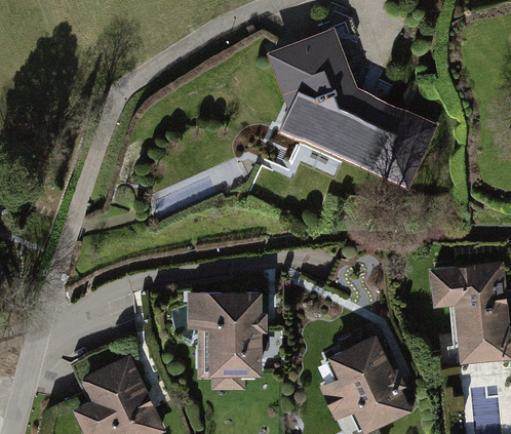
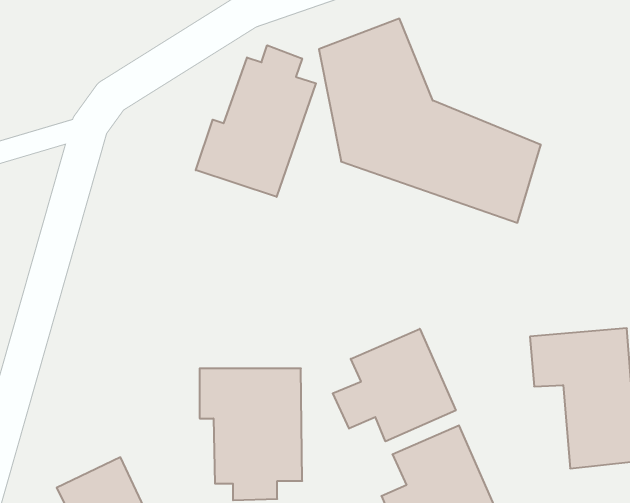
building: none -> [196,45,316,197]
building: none -> [333,329,456,441]

